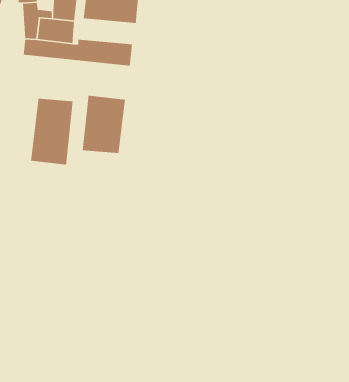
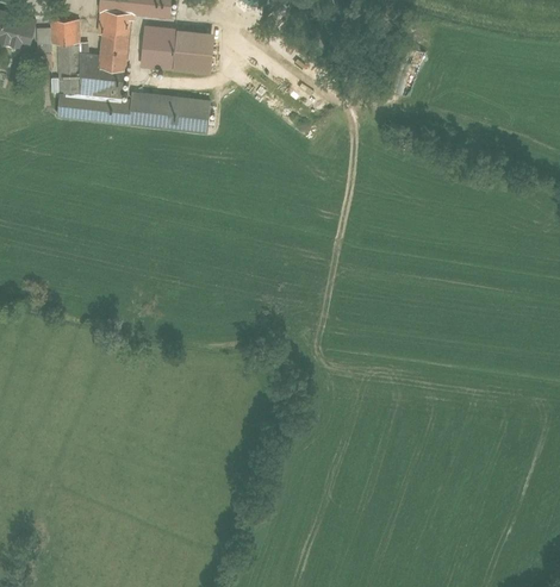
building: [82,95,126,154] -> none
building: [30,98,74,165] -> none

